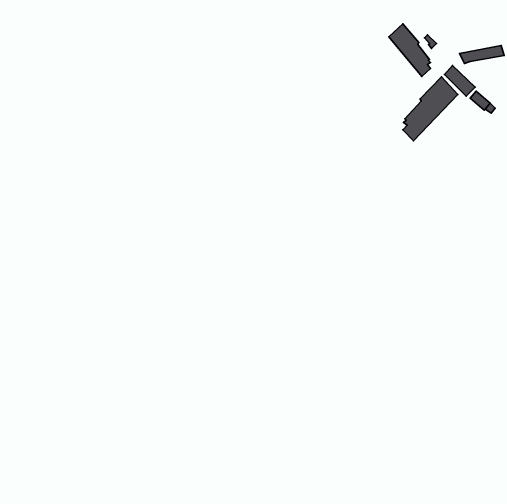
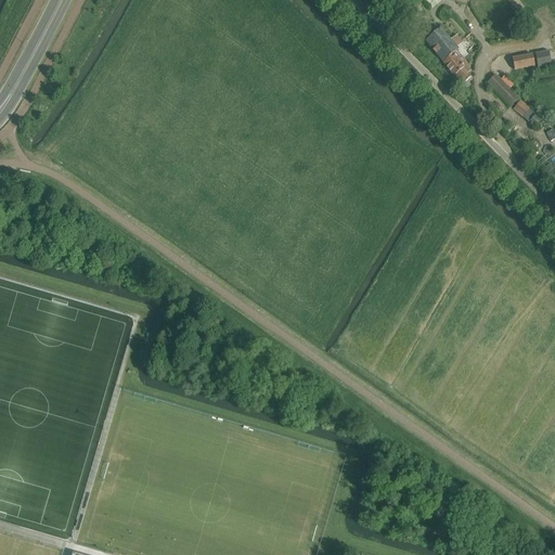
building: [403,77,458,141] -> none

